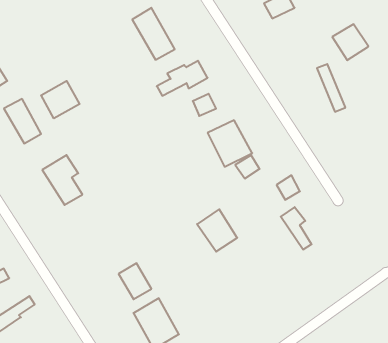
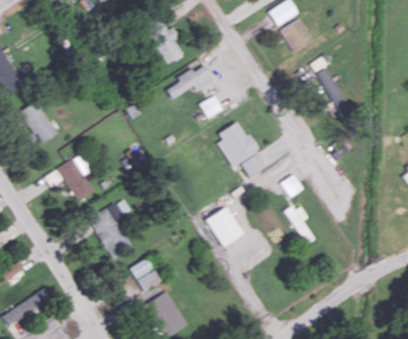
building: [332,24,368,60] -> [279,18,313,52]
building: [41,81,80,118] -> none
building: none -> [88,203,132,259]

